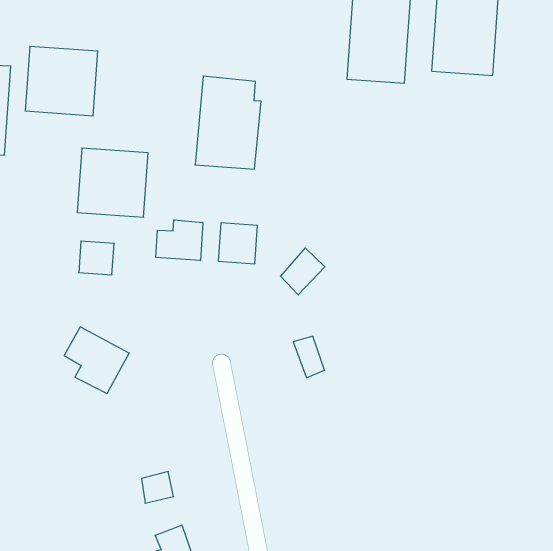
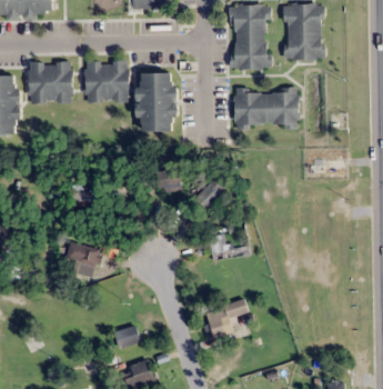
building: none -> [233,89,298,128]
building: [77,148,148,217] -> [84,61,127,102]
building: [156,220,203,261] -> none
building: none -> [204,298,248,338]

